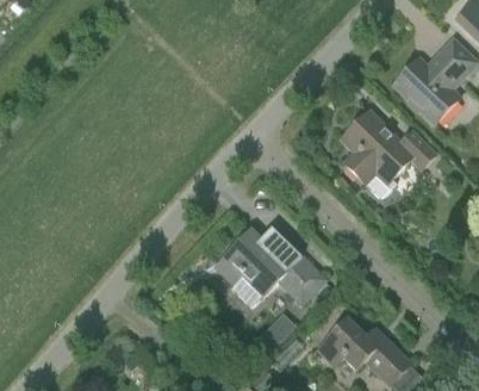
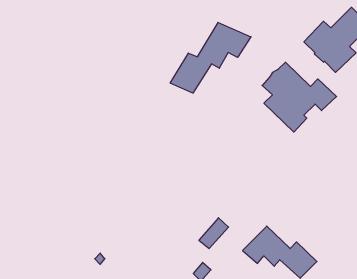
building: none -> [170,22,251,93]
building: [214,225,329,304] -> none

